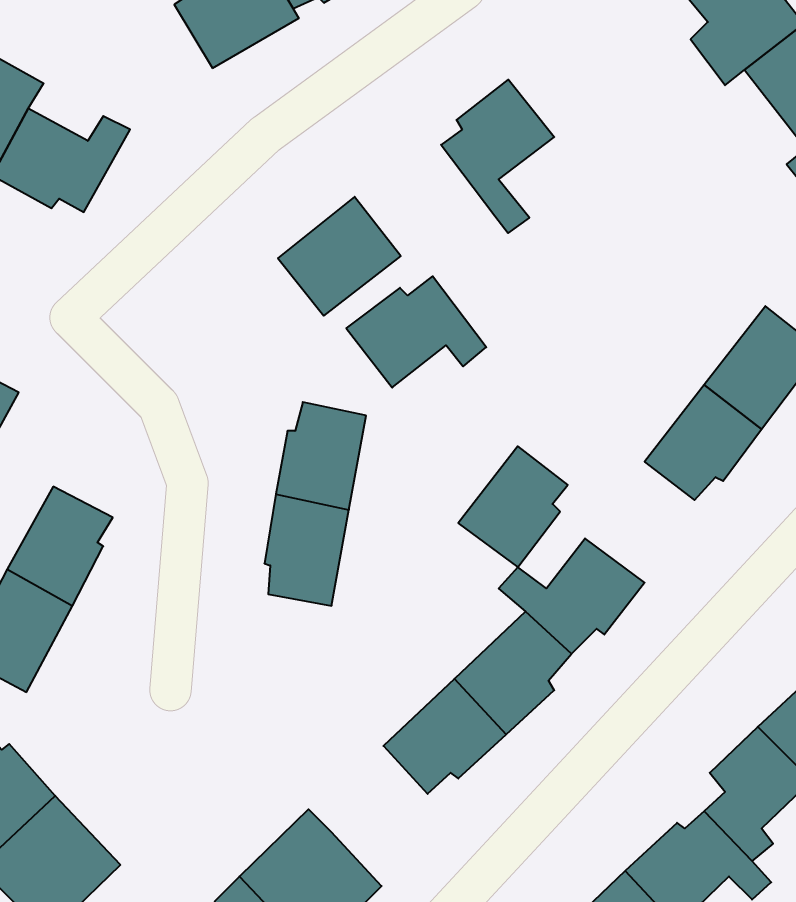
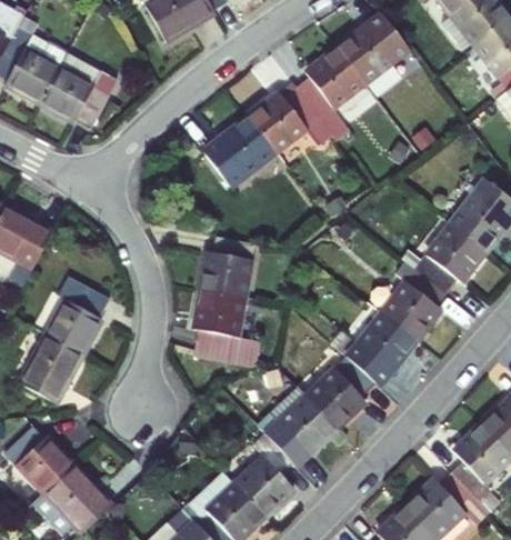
building: none -> [337,14,408,82]
building: [346,276,486,388] -> [248,87,329,151]
building: [458,446,568,567] -> [381,270,444,340]
building: none -> [234,434,293,516]

